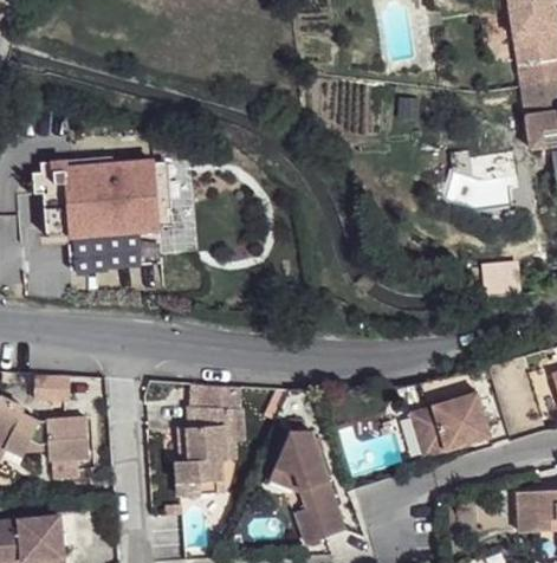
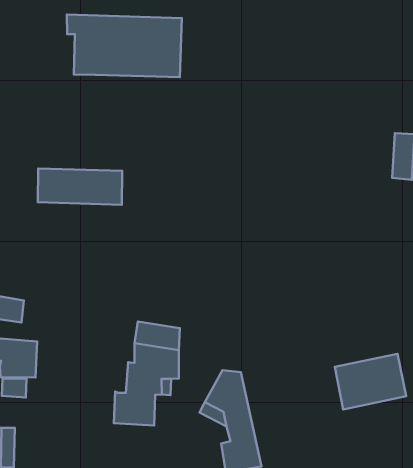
building: [30,161,158,234] -> [67,15,182,77]

